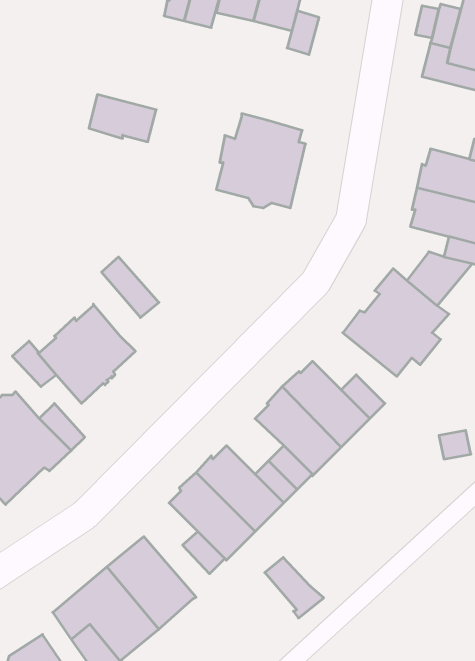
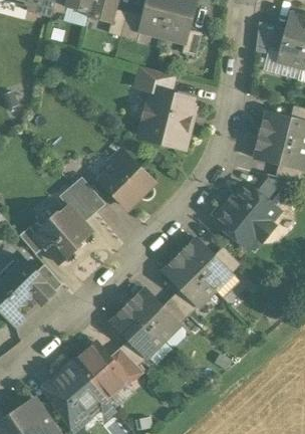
building: [89,95,156,142] -> [134,67,175,95]
building: none -> [100,155,154,208]
building: none -> [58,186,94,224]
building: [265,557,324,618] -> [108,349,143,385]

